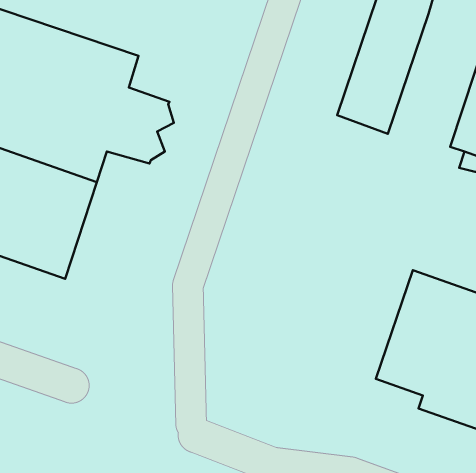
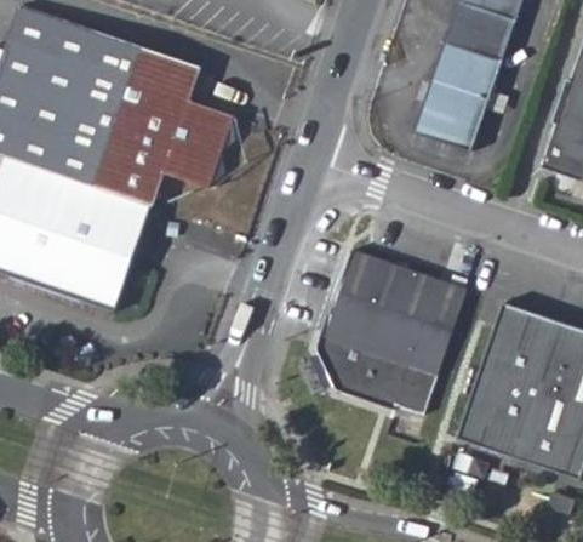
building: none -> [316,251,468,413]

